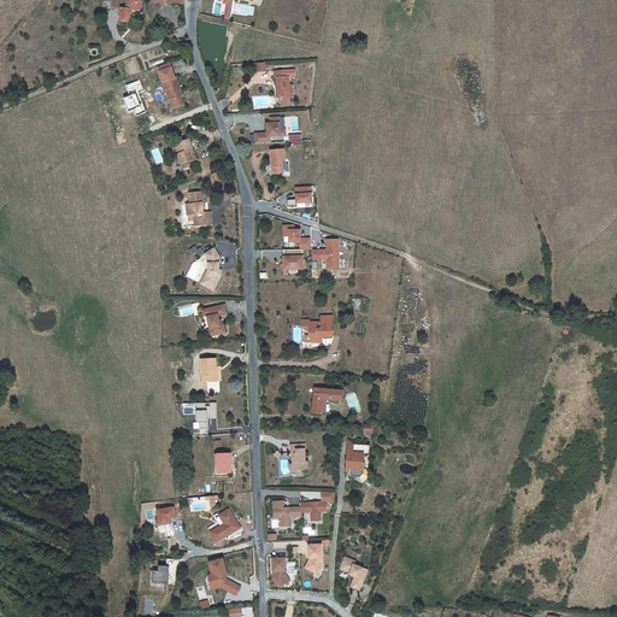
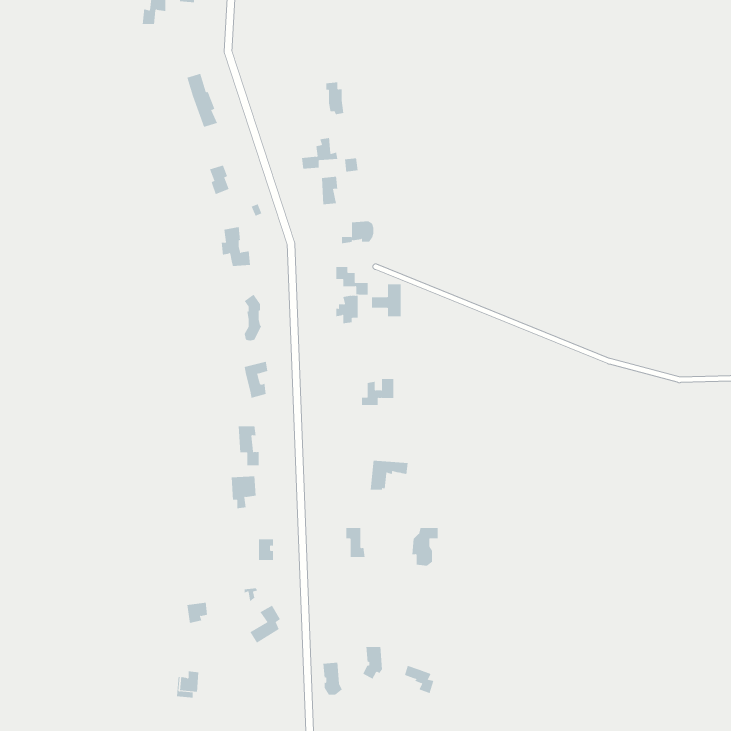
building: [272,500,327,522] -> none
building: [208,558,240,594] -> none

